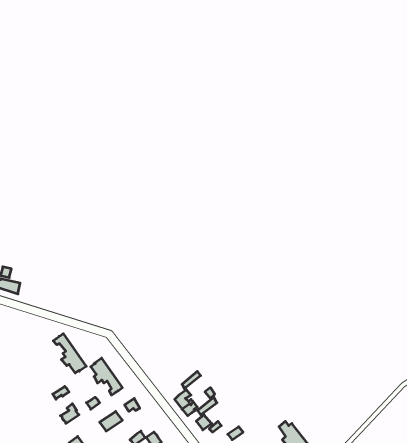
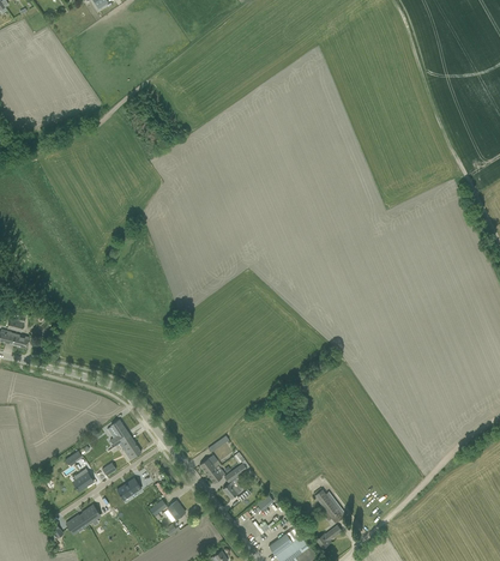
building: [53,334,86,373] -> none

